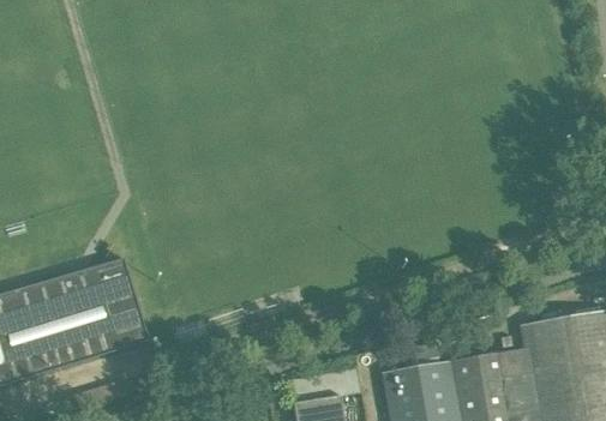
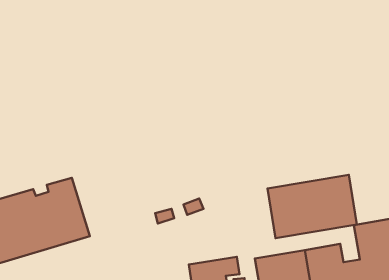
building: none -> [267,175,357,238]

